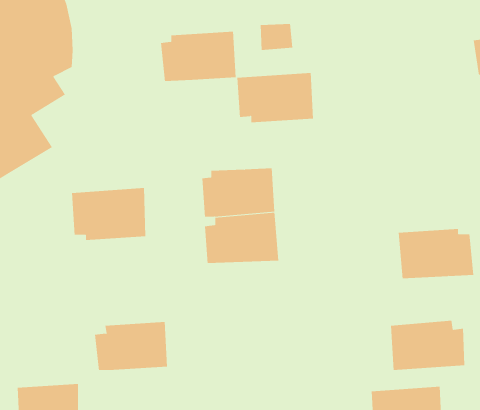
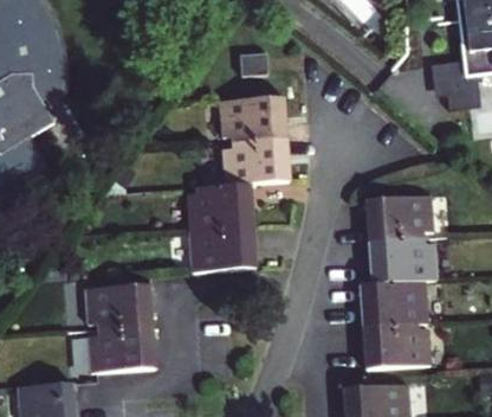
building: [160,31,236,81] -> [222,140,292,186]
building: none -> [363,197,432,244]
building: [71,188,146,240] -> [85,281,154,329]
building: none -> [357,284,427,329]

